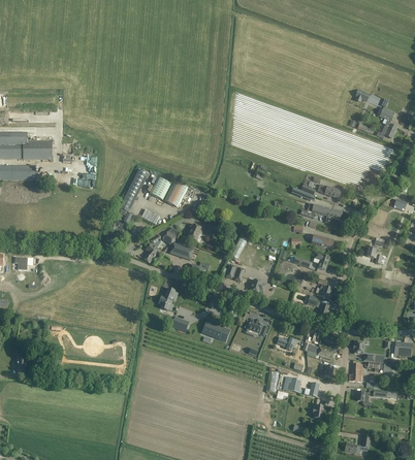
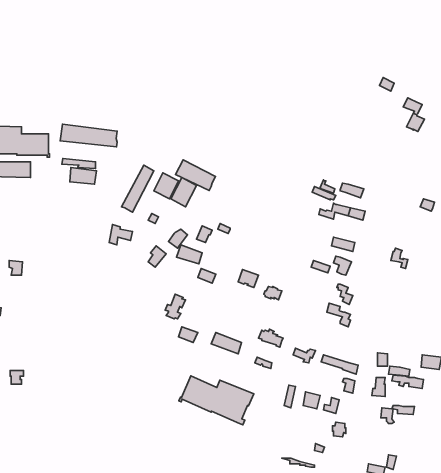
building: none -> [60,124,117,147]
building: none -> [176,160,215,191]
building: none -> [179,376,254,425]

